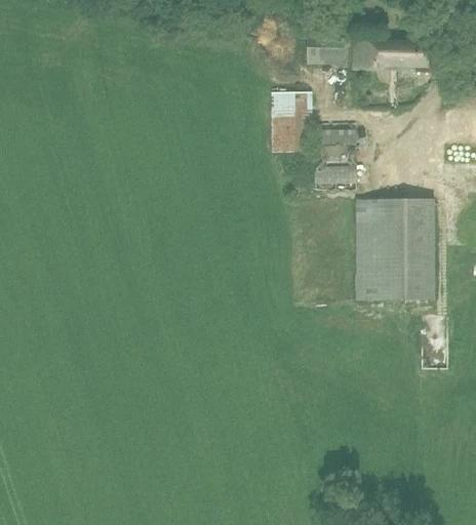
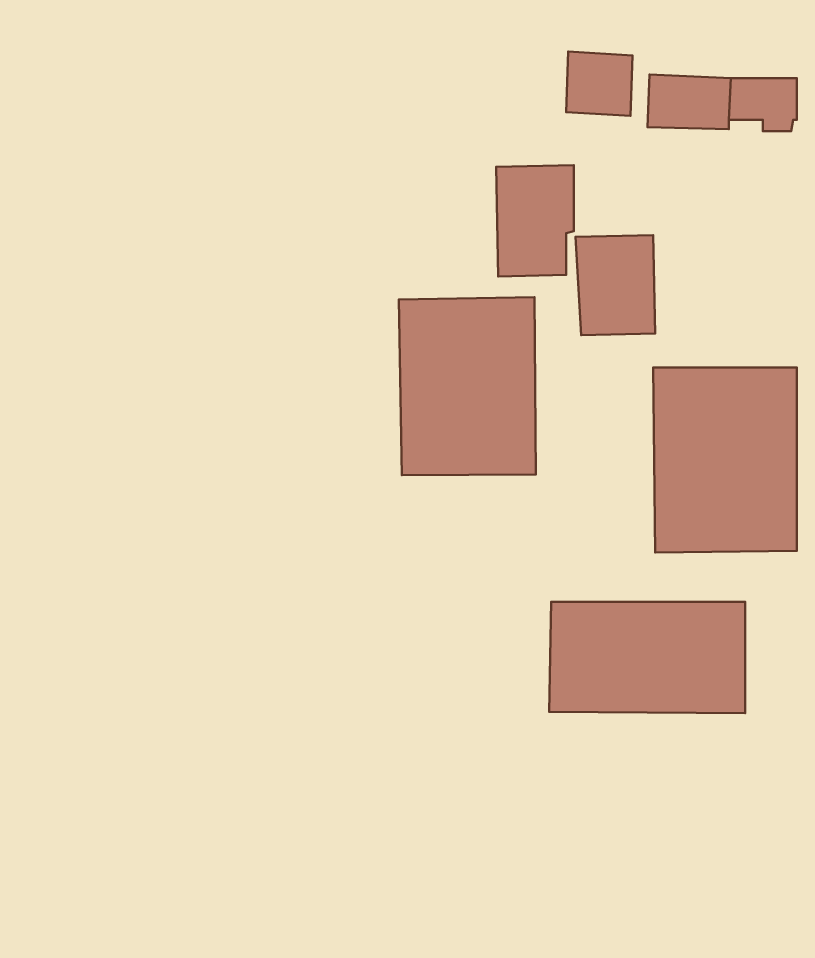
building: none -> [399,297,536,475]
building: none -> [549,602,745,713]

